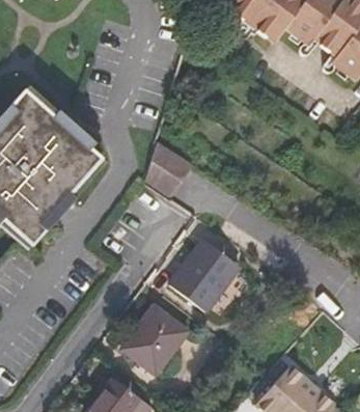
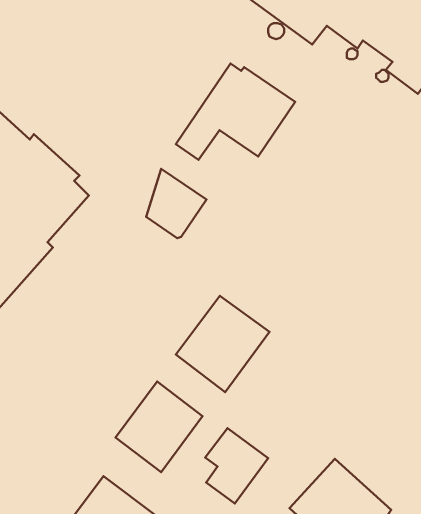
building: none -> [176,63,295,160]
building: none -> [205,428,268,504]

